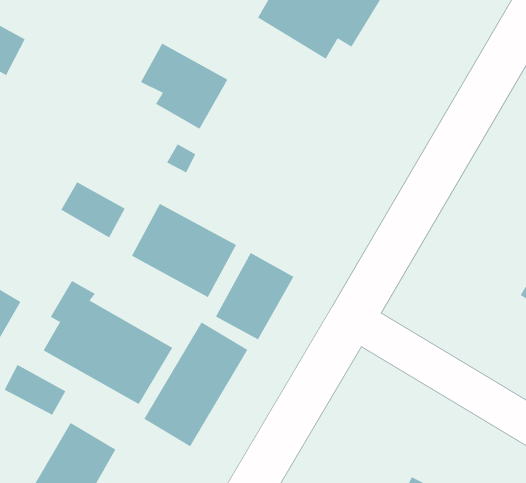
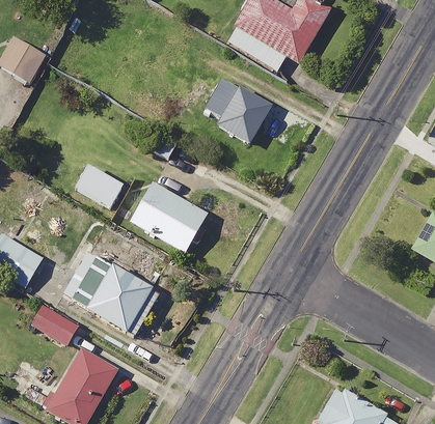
building: [140,43,228,129] -> [202,77,270,143]
building: [215,252,294,340] -> none
building: [144,321,248,447] -> none

